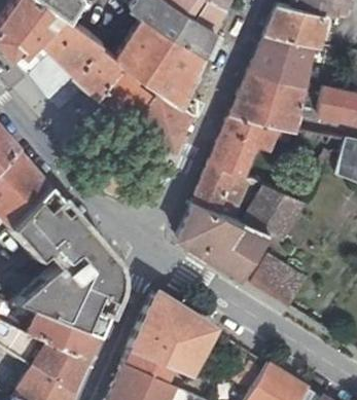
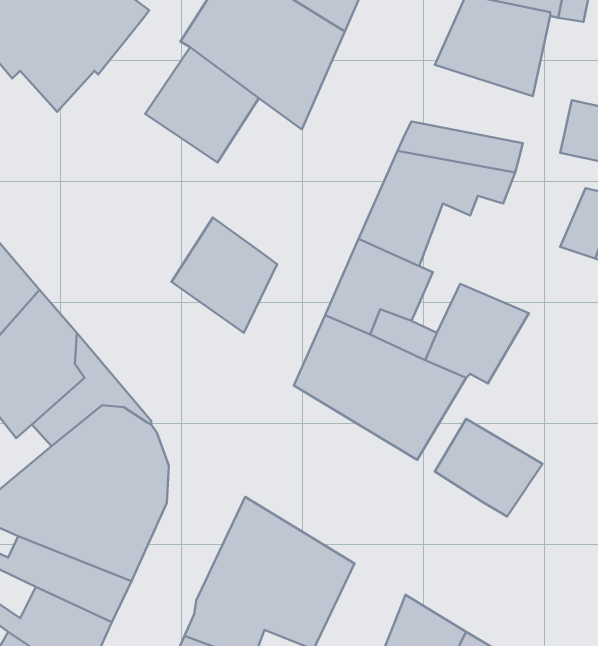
building: [76,43,124,95] -> none
building: [241,69,305,110] -> none
building: [139,86,194,147] -> [172,217,277,333]

